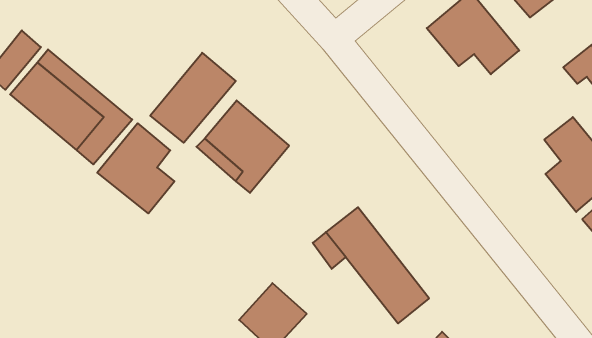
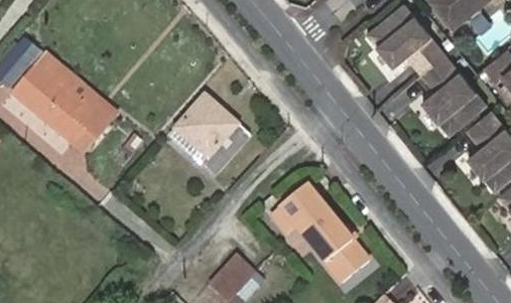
building: none -> [421,55,487,137]
building: [150,53,236,143] -> none
building: [97,123,174,213] -> none

